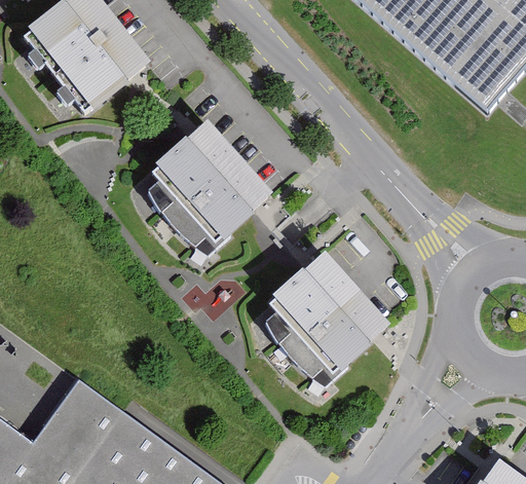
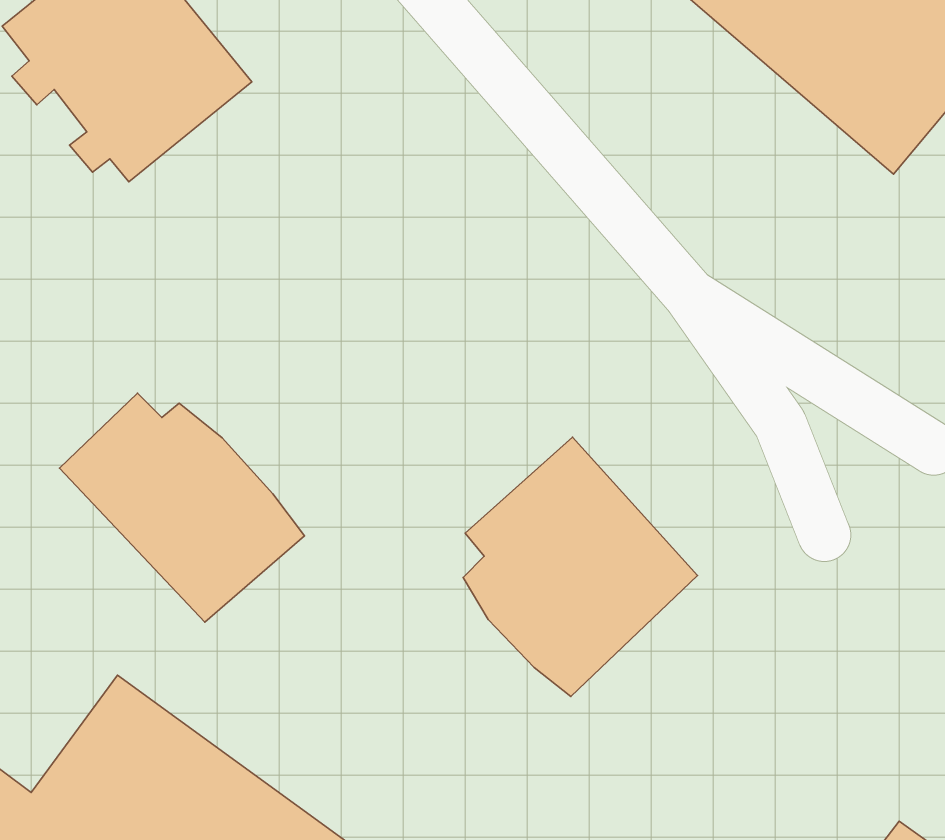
building: [146,120,273,259] -> none
building: none -> [59,393,304,622]

